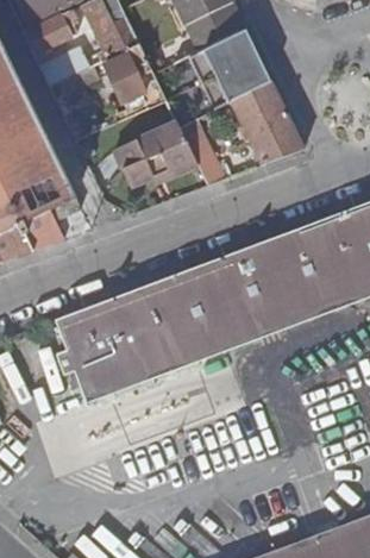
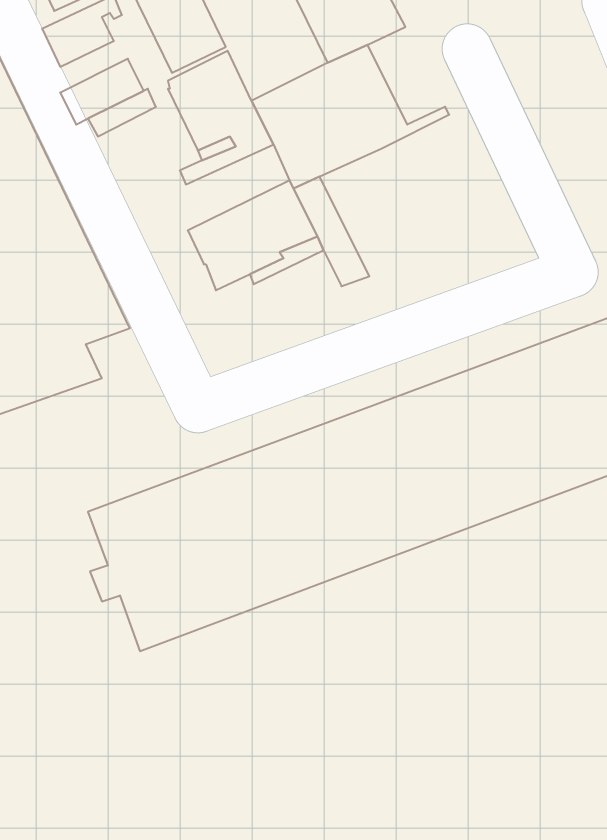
building: [222,30,269,88] -> none
building: [231,82,302,164] -> none

